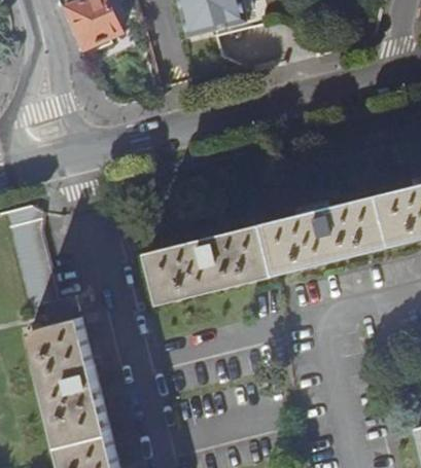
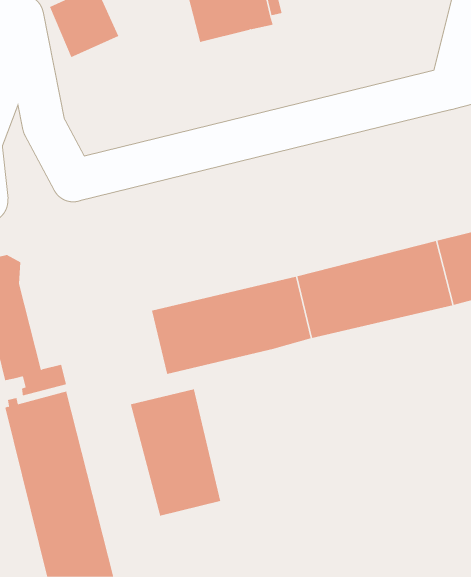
building: none -> [130,389,221,516]

